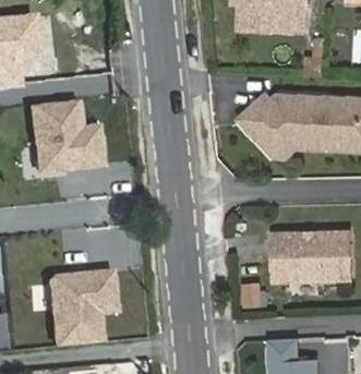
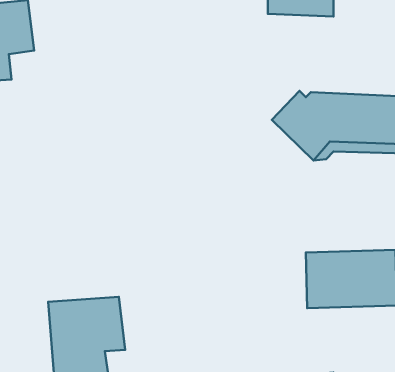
building: [31,99,103,171] -> none

